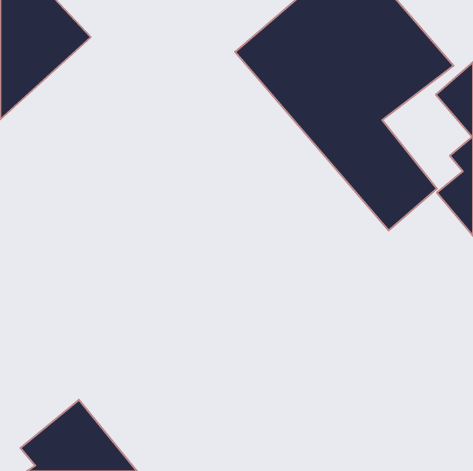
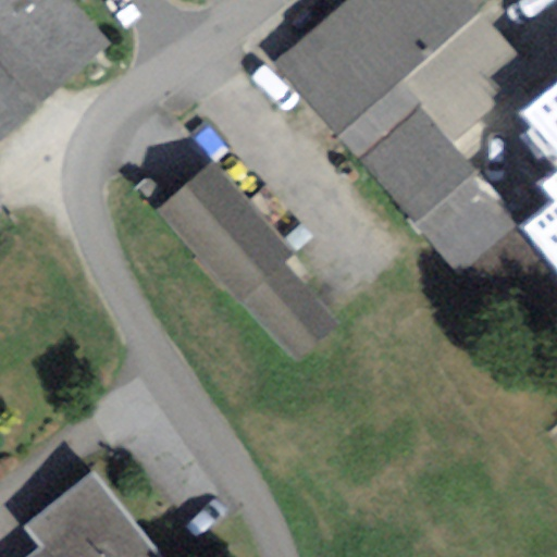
building: none -> [157,160,335,361]

